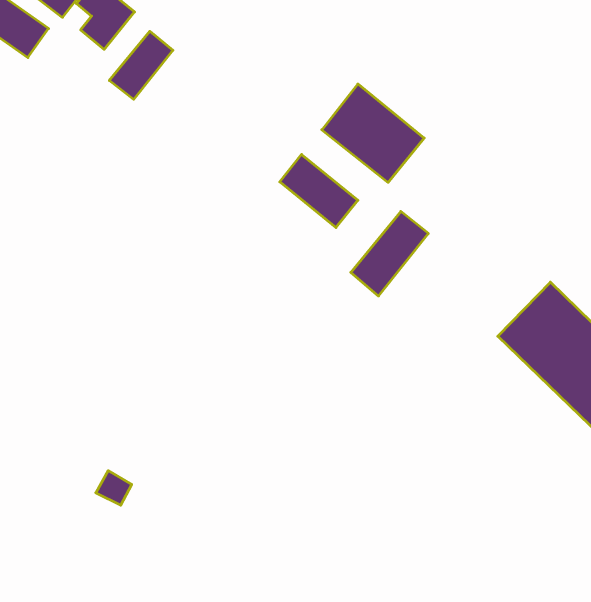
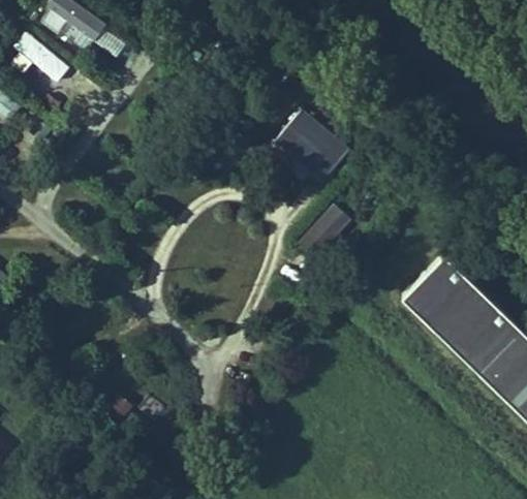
building: [109,31,173,99] -> none
building: [280,154,358,228] -> none

